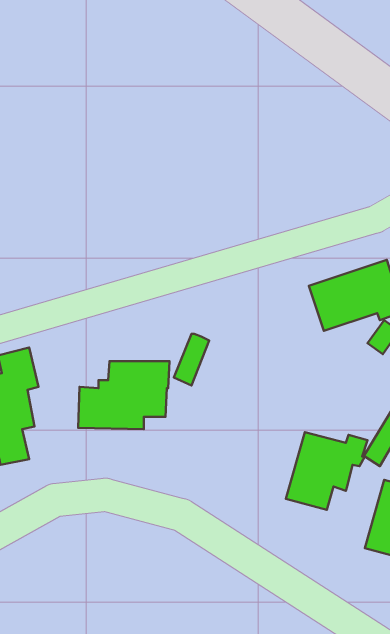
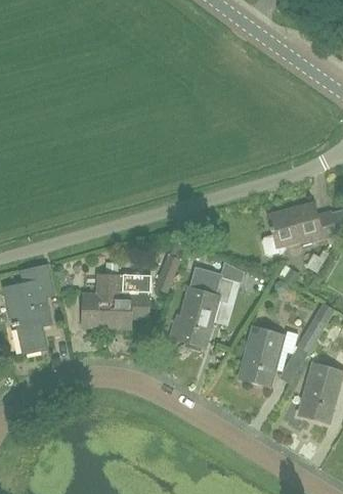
building: none -> [169,265,239,350]

